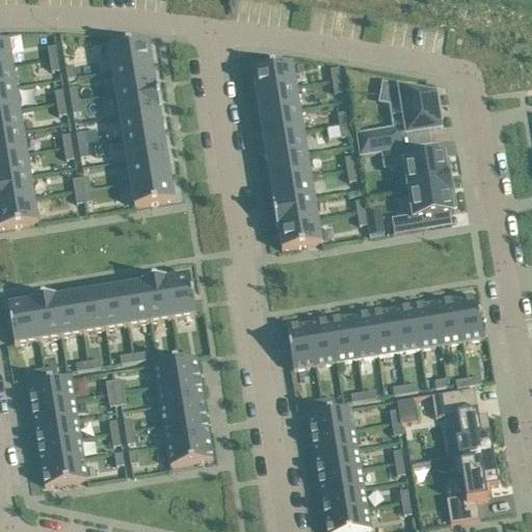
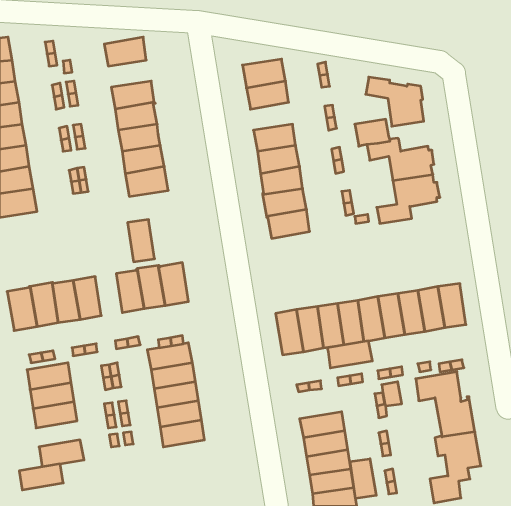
building: [112,62,157,90] -> none
building: [260,106,303,135] -> none
building: [99,284,127,327] -> [128,220,155,262]
building: [308,406,354,434] -> [327,341,372,368]
building: [37,436,83,463] -> [19,464,63,490]
building: none -> [350,459,376,498]

